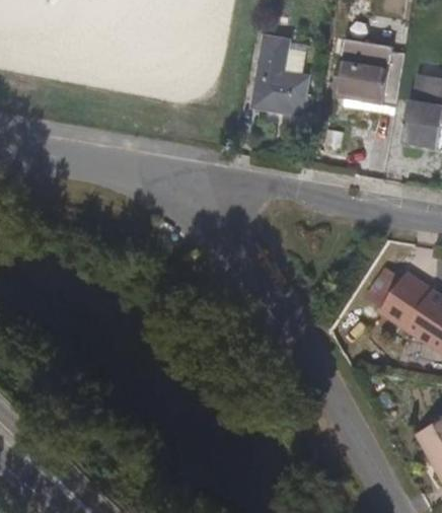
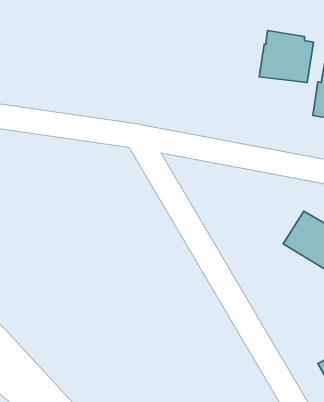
building: [262,46,315,117] -> none

